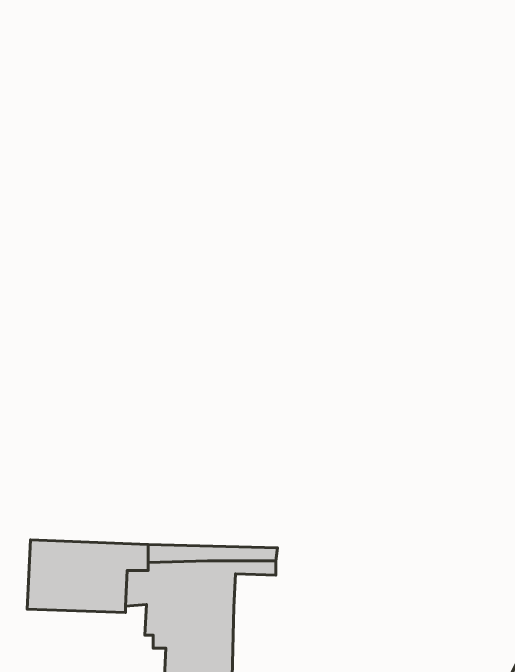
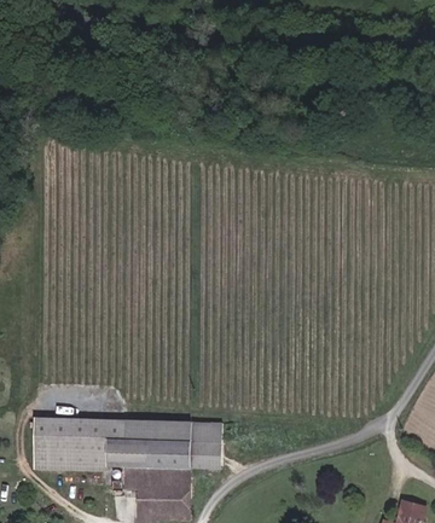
building: none -> [188,442,221,469]

